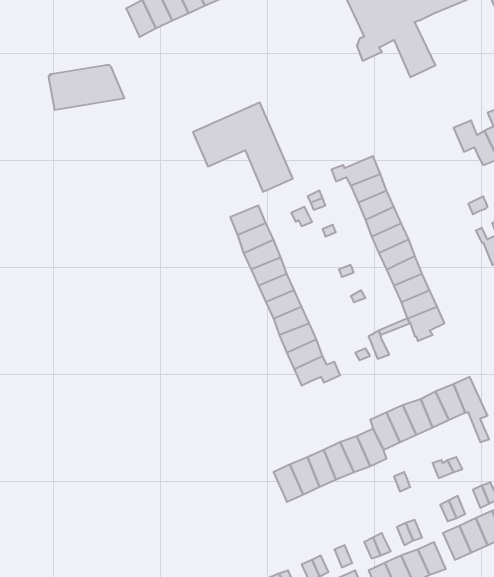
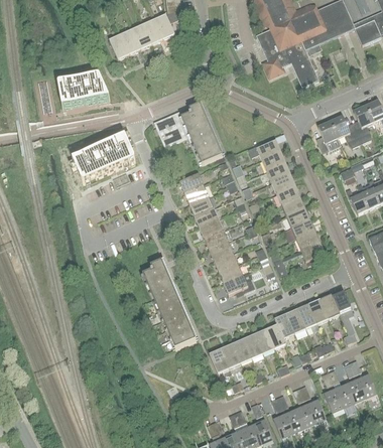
building: none -> [316,120,338,151]
building: none -> [71,136,133,182]
building: none -> [142,260,195,347]

